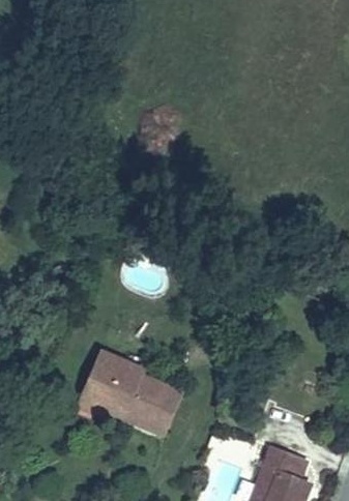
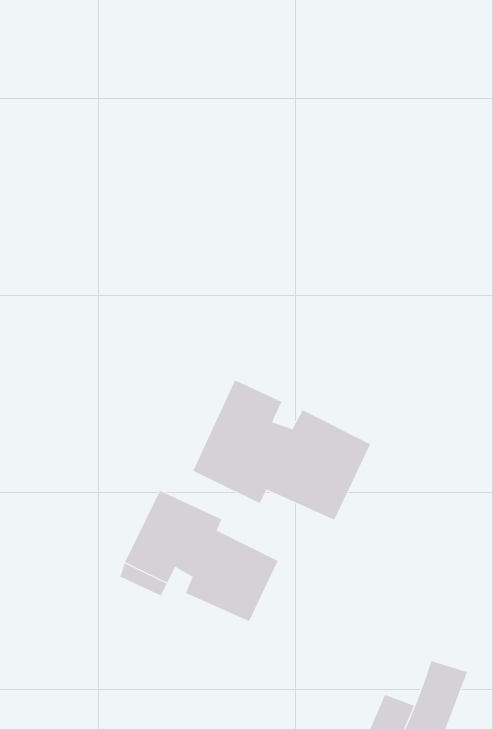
building: none -> [193,379,371,520]

